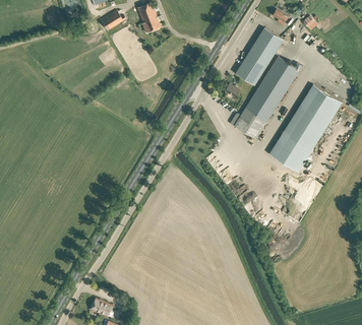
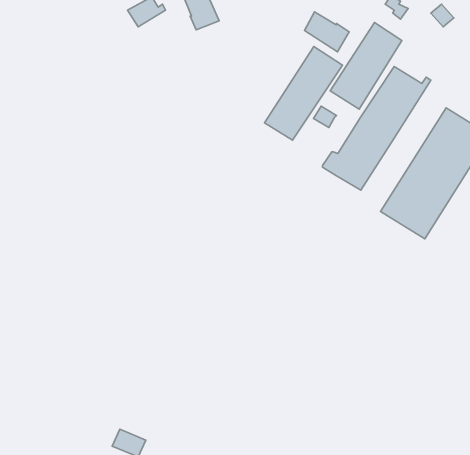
building: none -> [304,12,349,52]
building: none -> [264,46,342,140]

